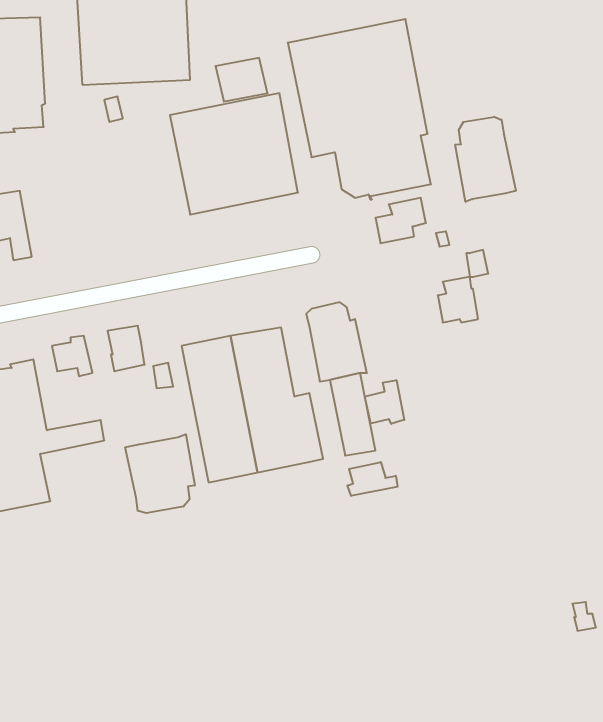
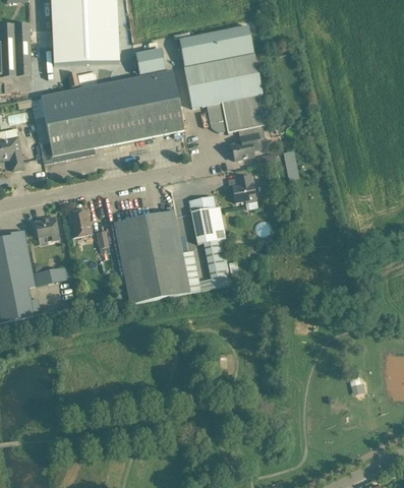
building: none -> [32,82,119,164]
building: [455,117,516,202] -> none
building: [438,277,478,322] -> [232,175,256,202]
building: [365,380,404,424] -> none
building: [125,434,195,513] -> none
building: [347,462,398,496] -> none

